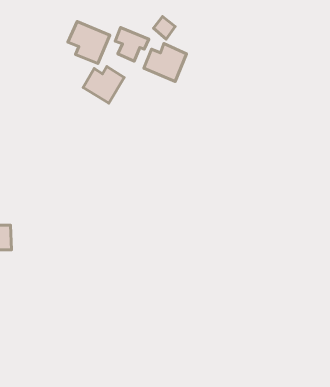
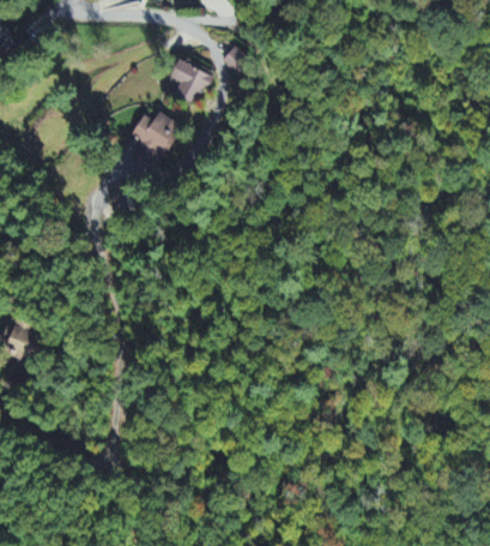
building: [68,21,110,64] -> none
building: [144,44,187,81] -> none

